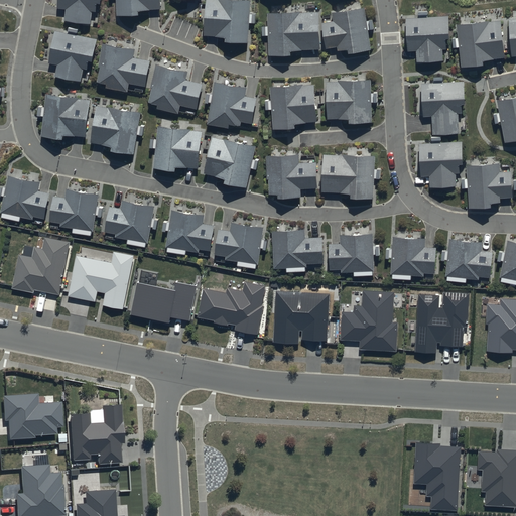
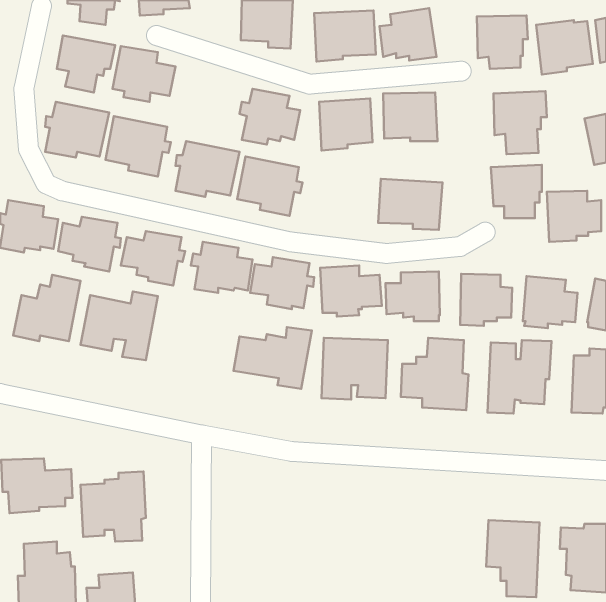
building: [147,62,203,111] -> none
building: [267,157,317,199] -> none
building: [130,280,197,324] -> none

